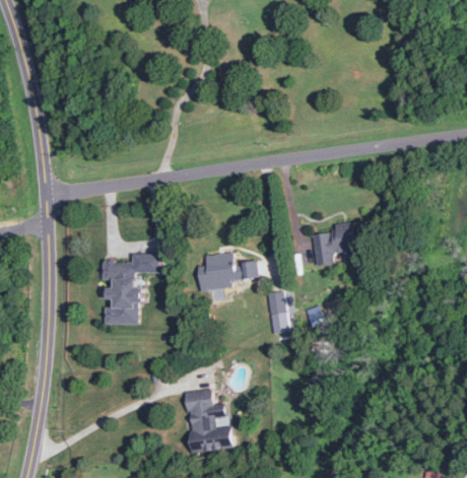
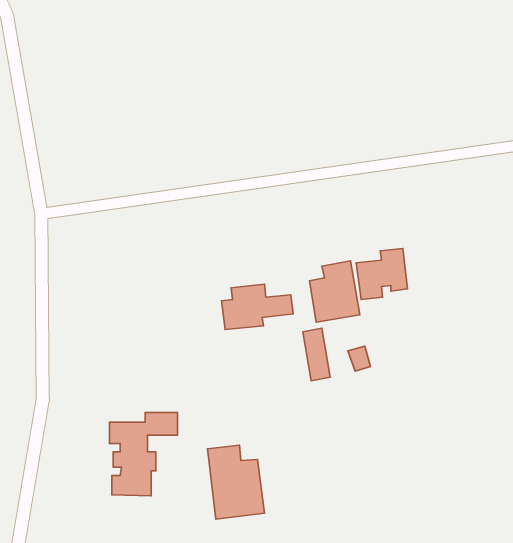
building: none -> [310,261,360,322]
building: [103,254,160,325] -> [109,412,177,496]

